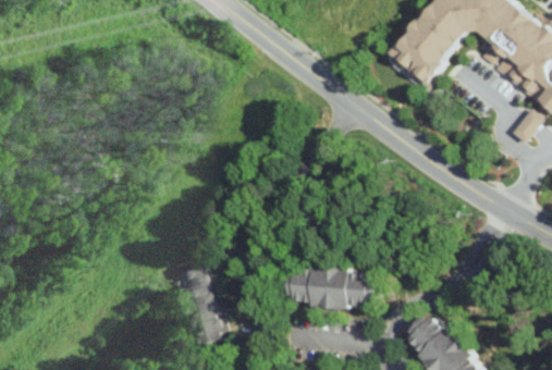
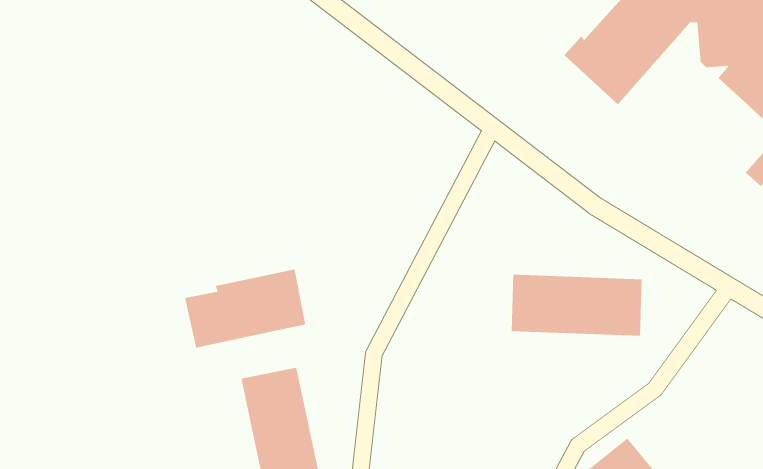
building: none -> [184,268,306,348]
building: [285,266,375,308] -> [511,274,643,336]

